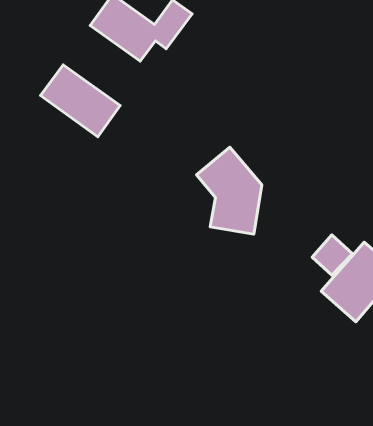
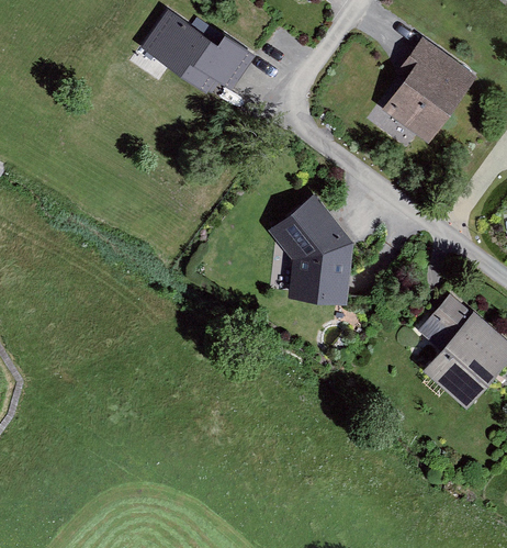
building: none -> [381,51,473,144]
building: [41,65,120,137] -> none

